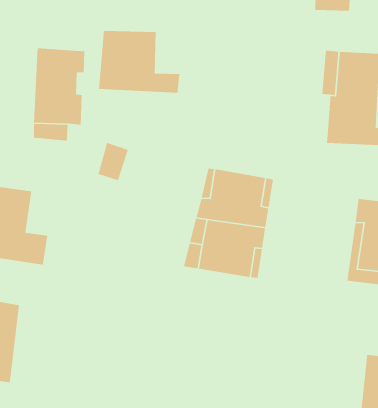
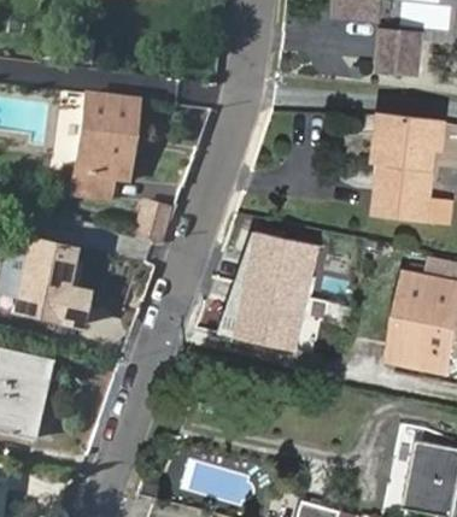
building: [98,30,180,93] -> none

